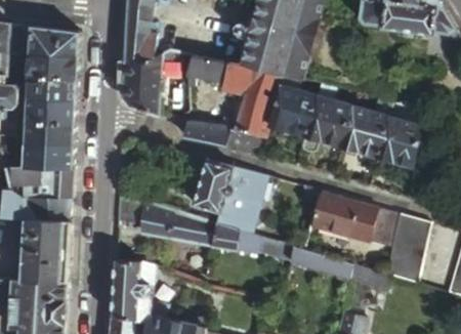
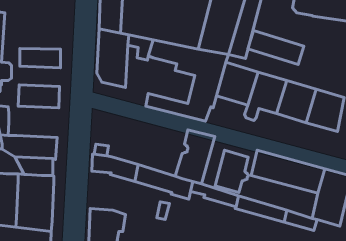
building: [18,26,79,68] -> none
building: none -> [248,31,304,64]
building: [27,88,77,113] -> none
building: [24,136,75,174] -> none
building: [192,157,232,208] -> [215,150,248,193]

